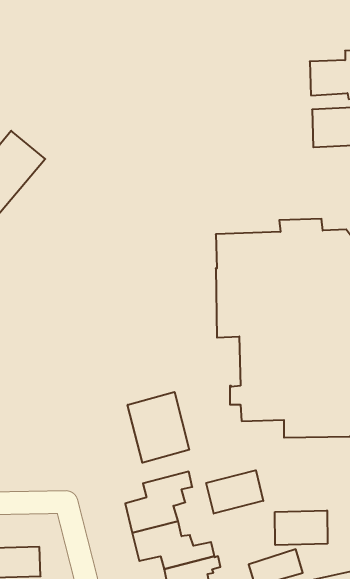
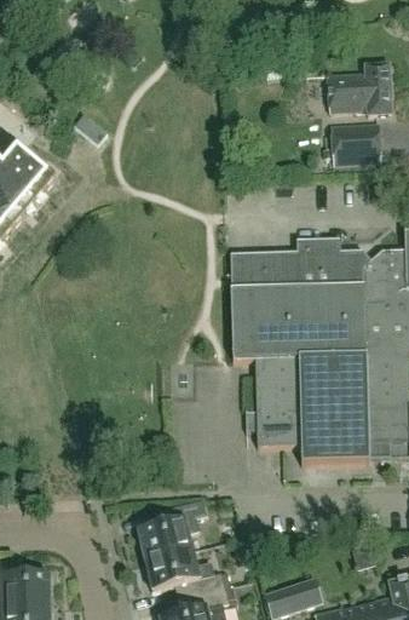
building: [128,392,189,463] -> none
building: [206,470,263,514] -> none
building: [275,510,327,545] -> none

